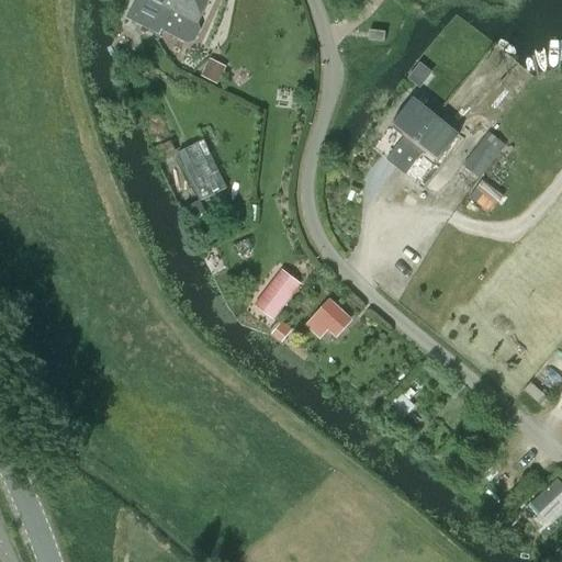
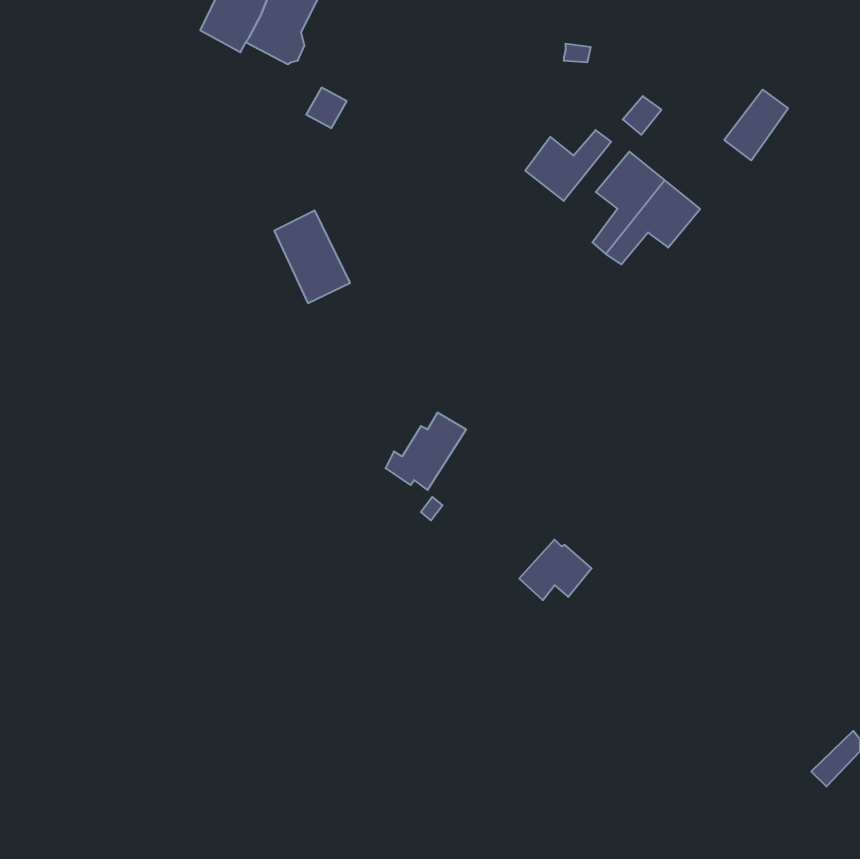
building: none -> [525,130,611,201]
building: [462,132,504,178] -> [724,90,788,160]
building: [304,300,351,339] -> [519,540,592,600]

